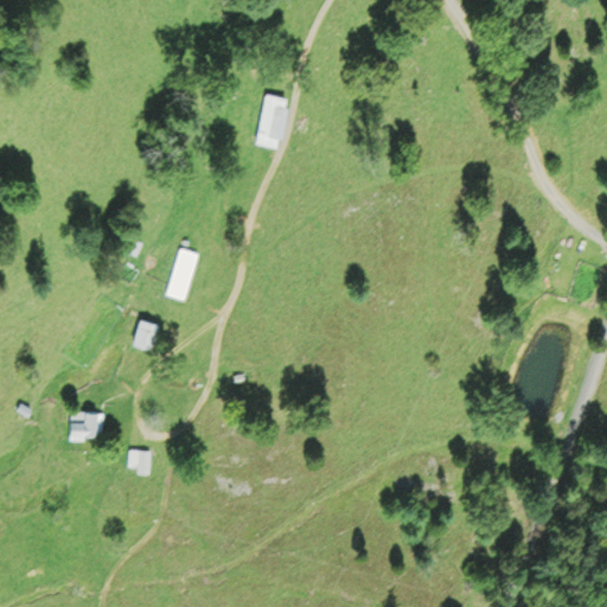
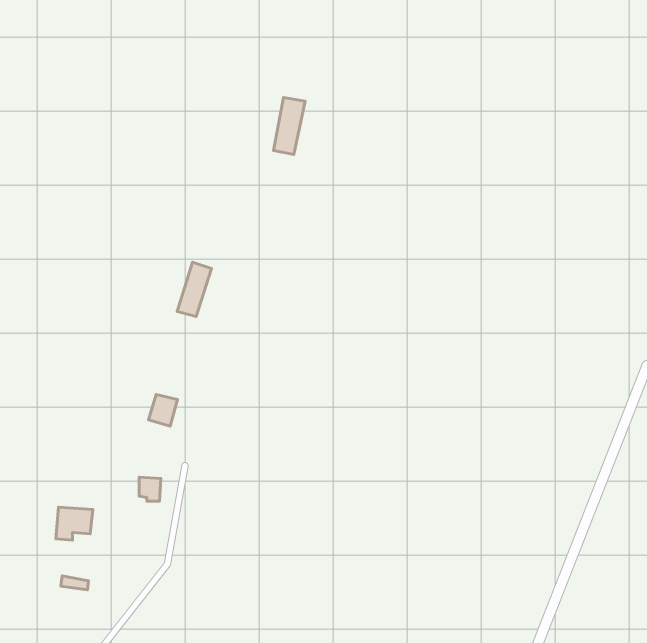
building: [133,320,160,350] -> [149,394,178,426]
building: [69,411,103,442] -> [56,507,93,540]

